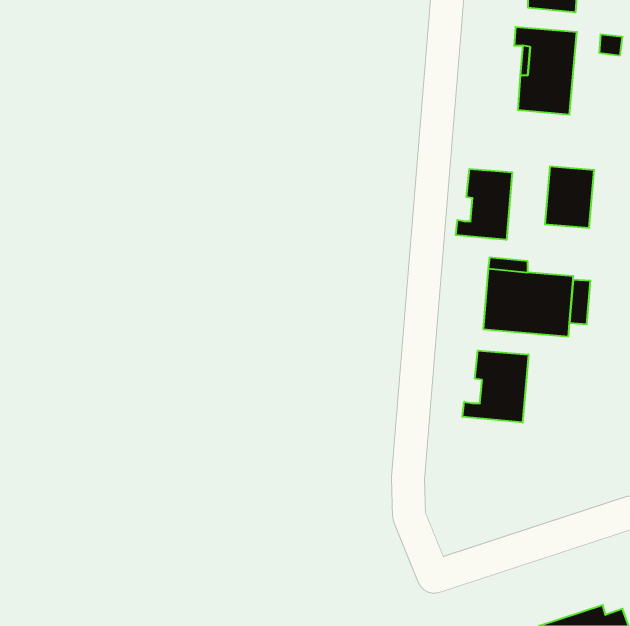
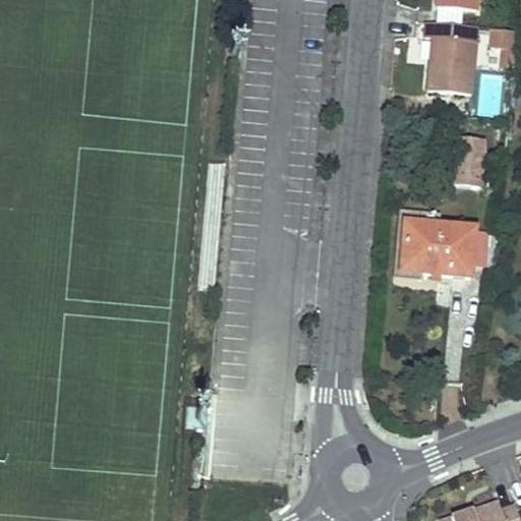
building: [456,169,512,240] -> none
building: [463,350,528,423] -> none

